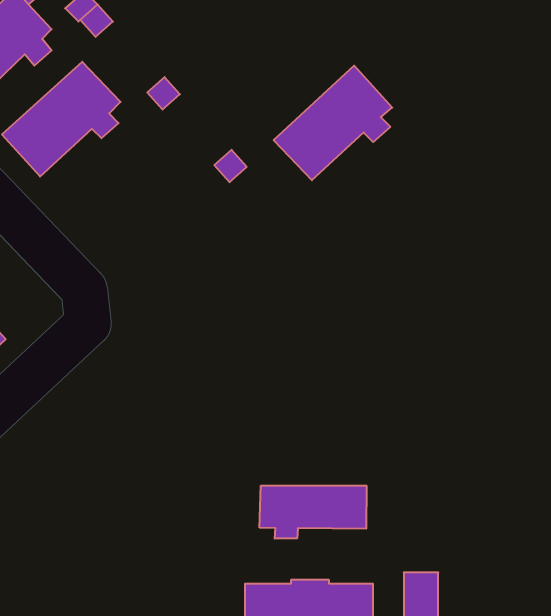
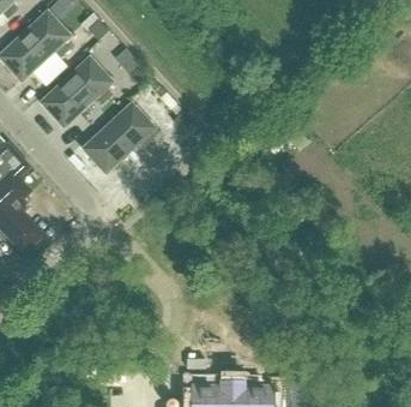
building: [274,66,392,180] -> [80,102,155,174]
building: [260,486,366,539] -> none

